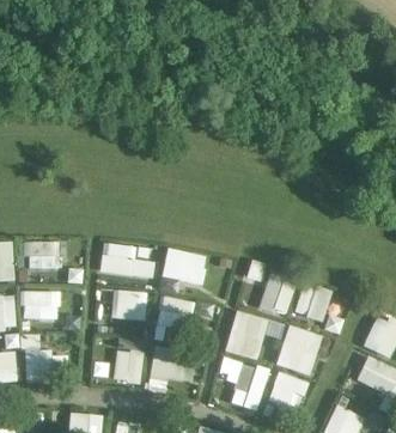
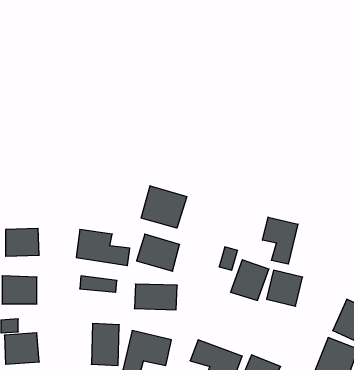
building: none -> [141,186,187,228]
building: none -> [263,217,298,264]
building: [225,311,269,360] -> none
building: [276,325,323,376] -> none

